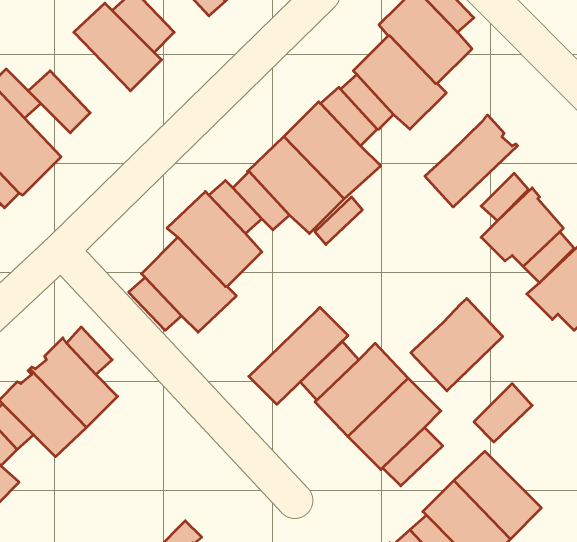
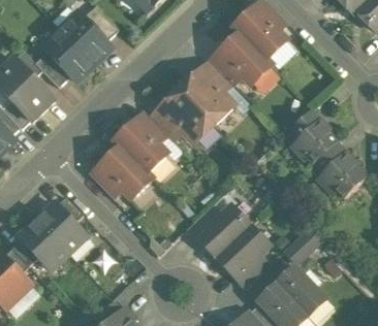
building: none -> [43,30,93,80]
building: [425,115,518,207] -> none
building: [411,298,503,391] -> none
building: [249,307,348,404] -> none

